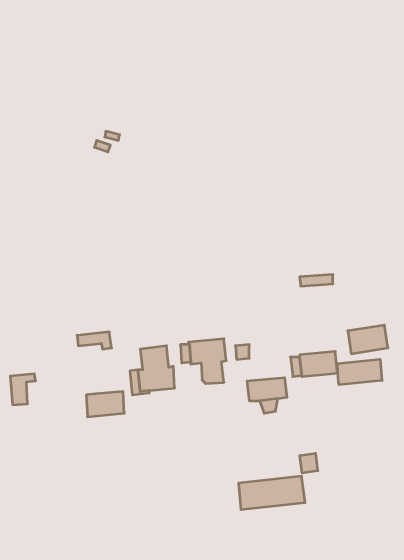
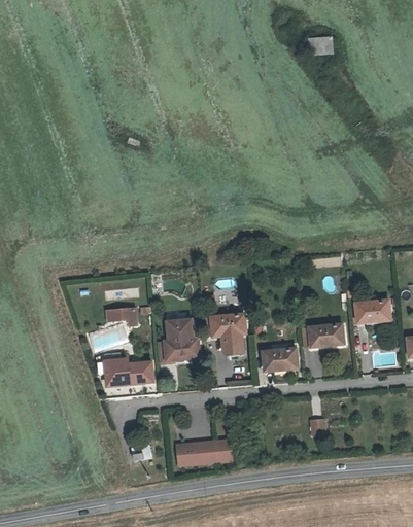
building: none -> [308,38,333,58]
building: [337,359,382,385] -> none
building: [10,374,36,405] -> [105,356,128,384]
building: [239,476,305,510] -> [177,436,237,466]

